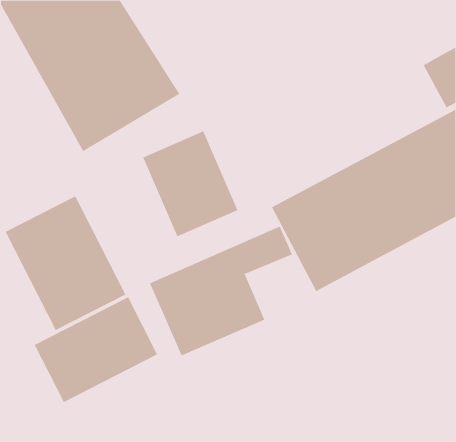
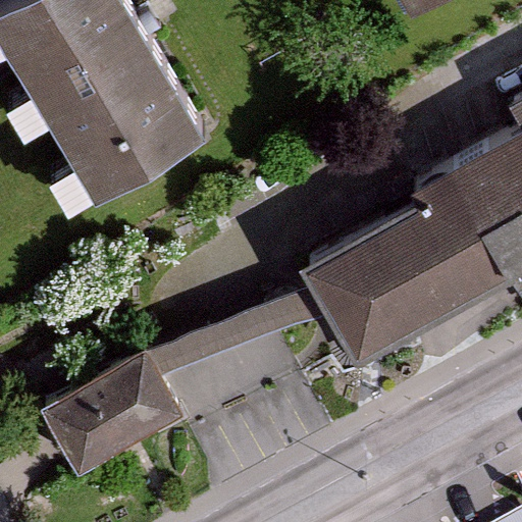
building: [142,131,238,237] -> none
building: [5,195,126,331] -> none

